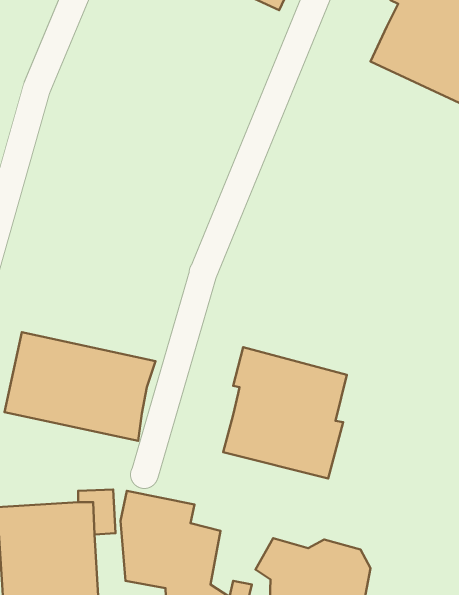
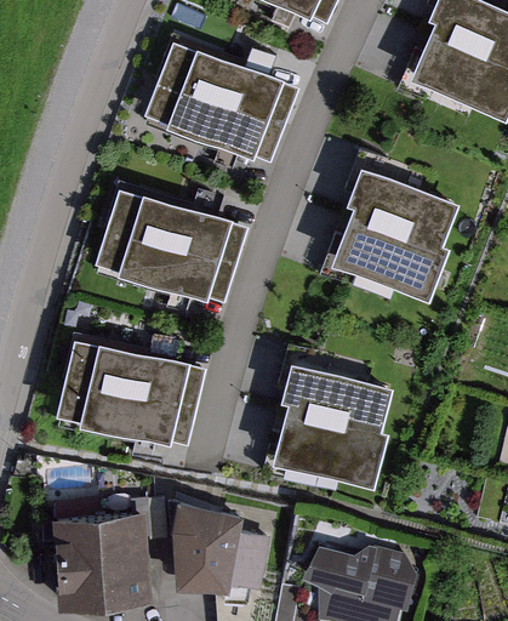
building: none -> [144,46,298,166]
building: none -> [335,167,458,306]
building: none -> [96,194,246,307]

